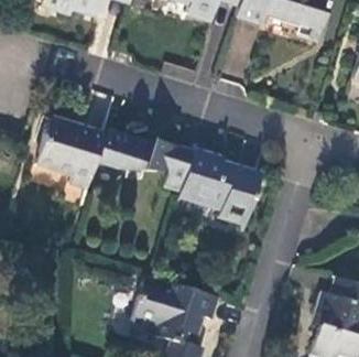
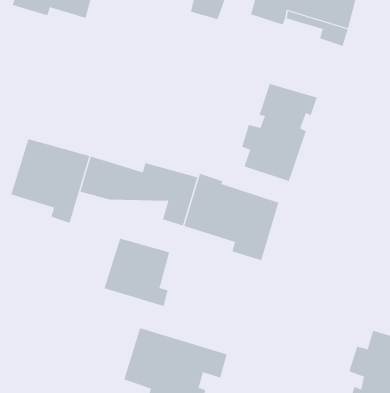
building: none -> [242,83,318,182]
building: none -> [104,238,170,307]

